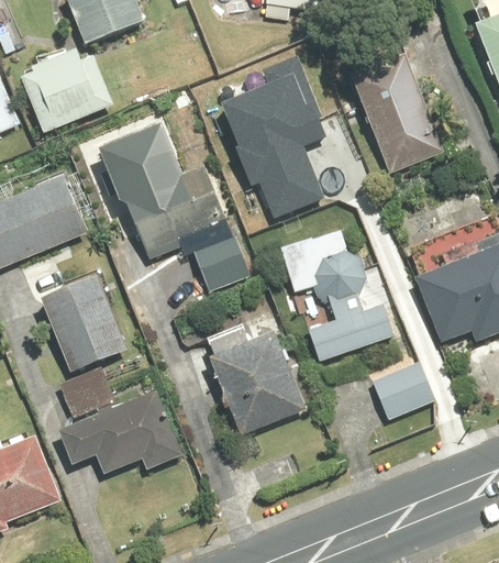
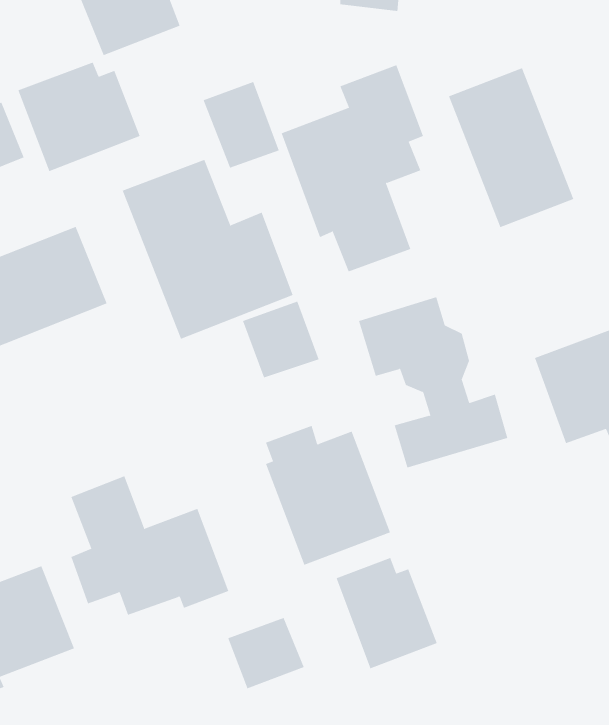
building: none -> [203,81,279,169]
building: [41,276,126,372] -> none
building: [372,361,434,419] -> none
building: none -> [336,557,438,669]
building: none -> [227,617,305,689]

